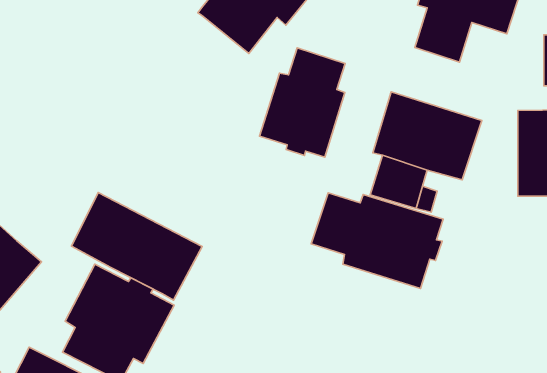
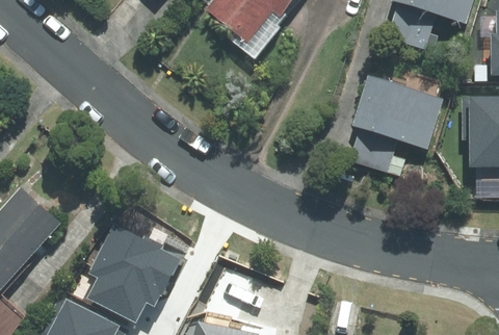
building: [260,48,345,157] -> none
building: [72,193,202,300] -> none
building: [311,193,443,289] -> none

